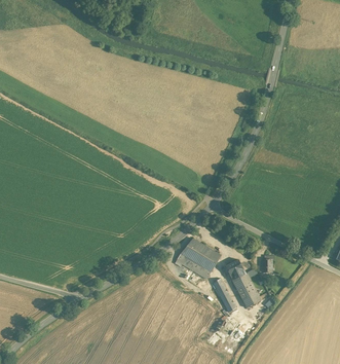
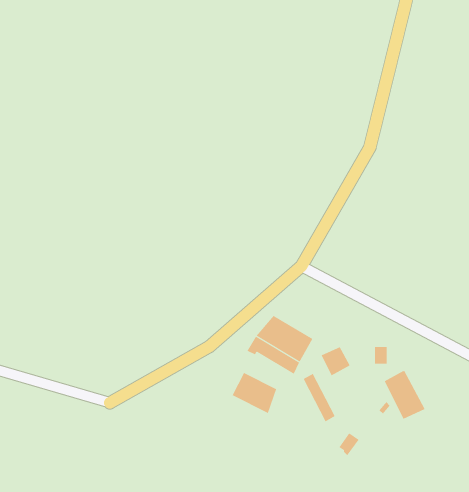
building: [233,274,262,307] -> [384,371,426,420]
building: none -> [232,372,277,414]

